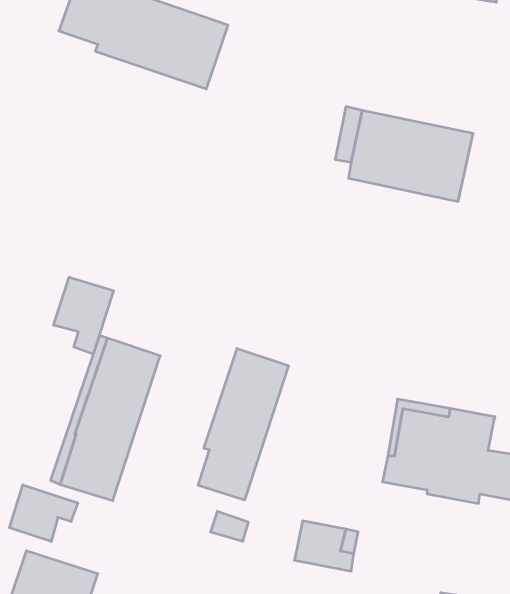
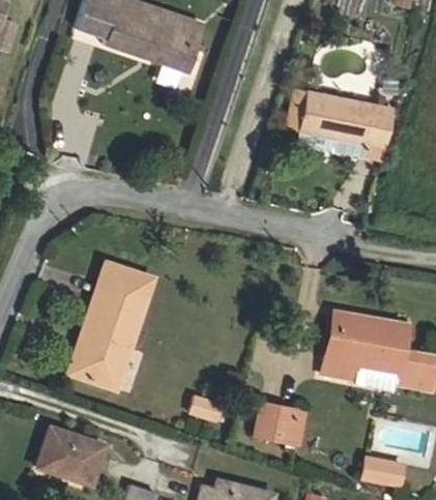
building: [54,277,114,354] -> none
building: [198,348,288,500] -> none
building: [9,485,78,542] -> none

